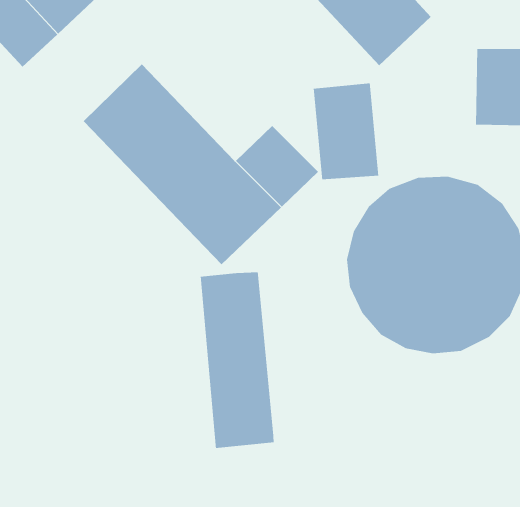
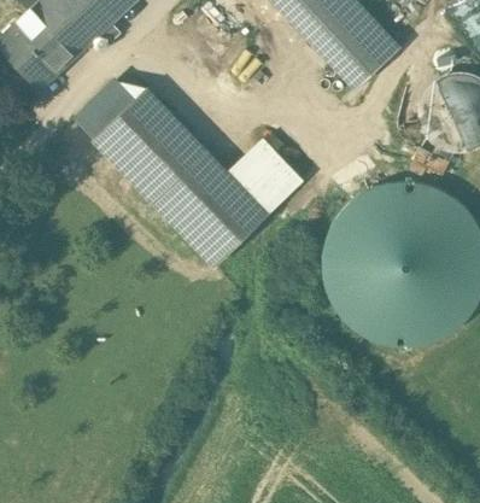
building: none -> [72,78,145,138]
building: [313,82,379,180] -> none
building: [200,272,275,449] -> none

